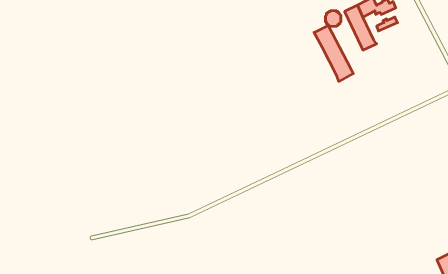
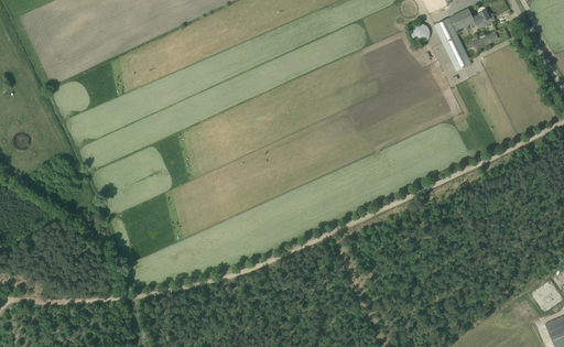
building: [314,25,353,81] -> none

